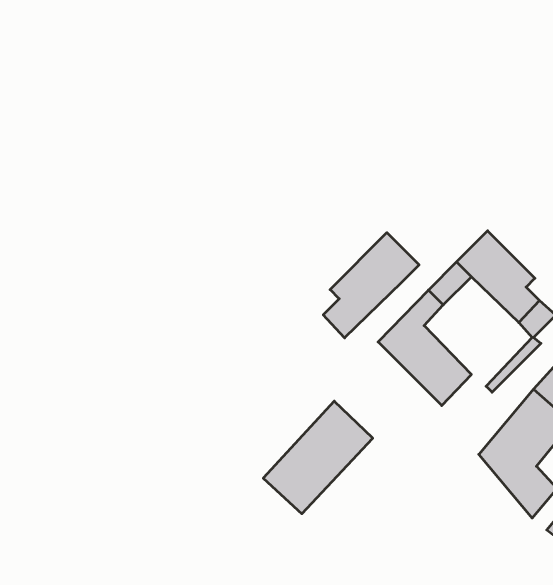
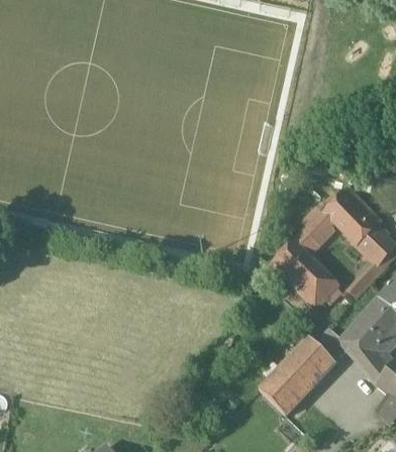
building: [323,233,419,338] -> none
building: [263,401,373,514] -> [261,336,335,413]

